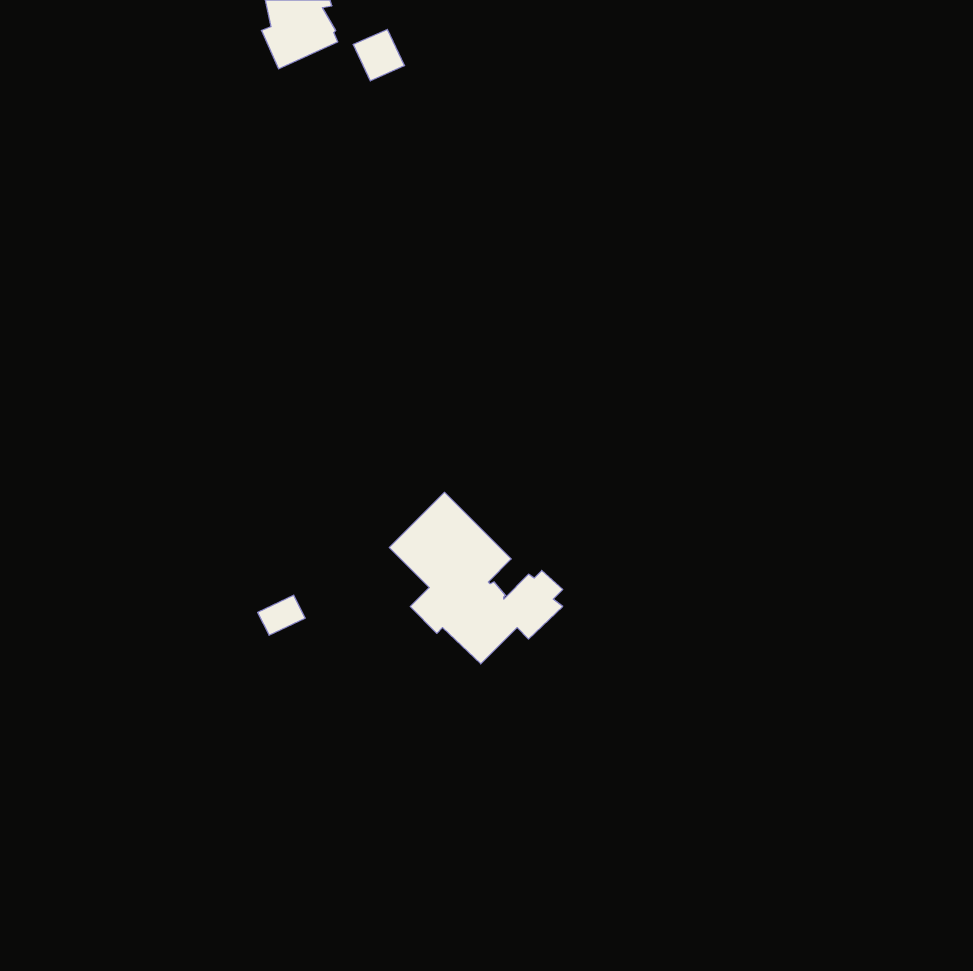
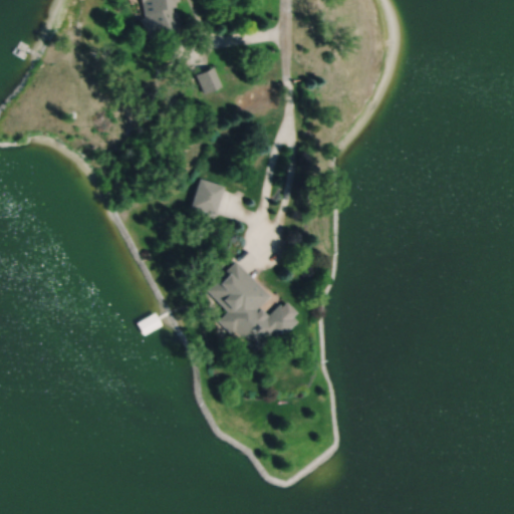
building: [353,29,405,81] -> [195,66,222,93]
building: none -> [191,179,224,214]

